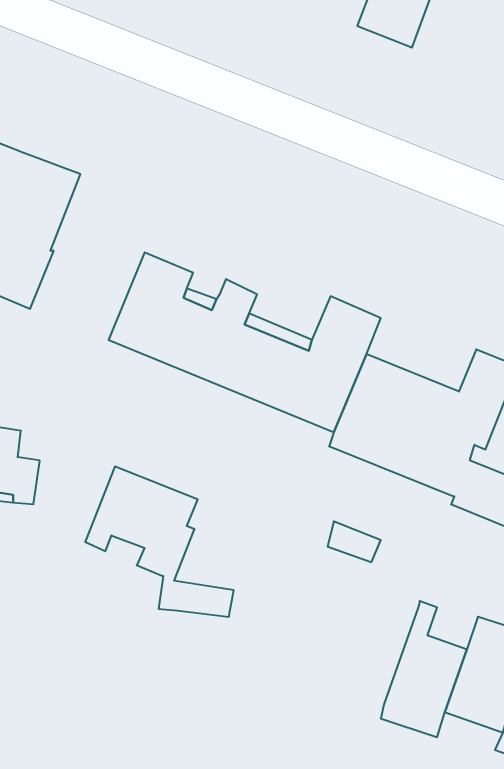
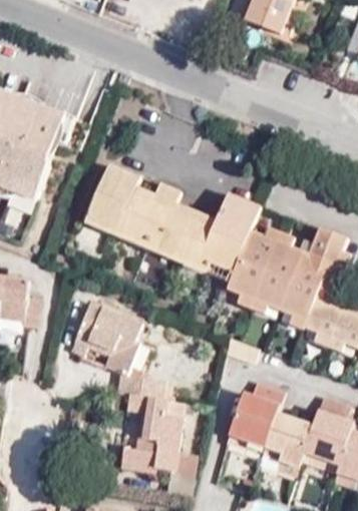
building: none -> [227,382,283,454]
building: none -> [119,394,198,478]

